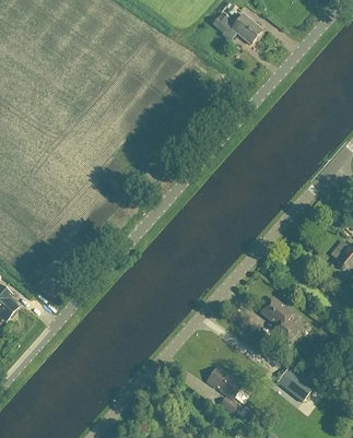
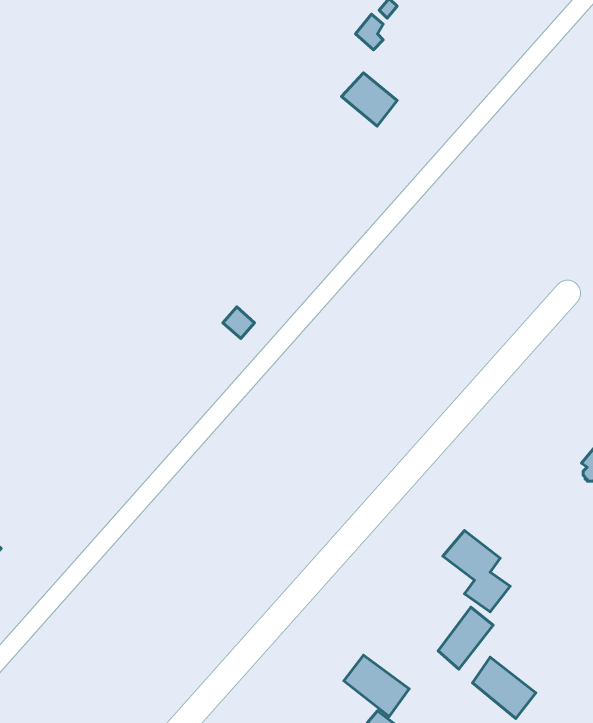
building: [230,14,260,44] -> [342,73,397,126]
building: none -> [438,607,493,669]

